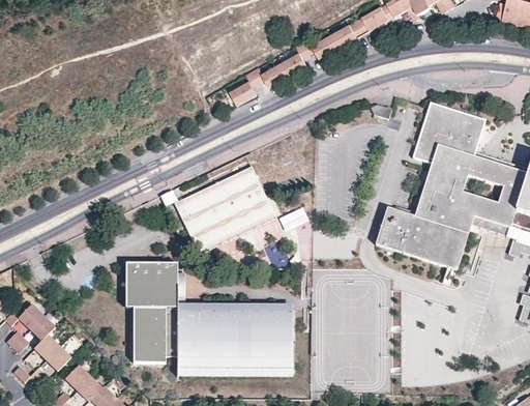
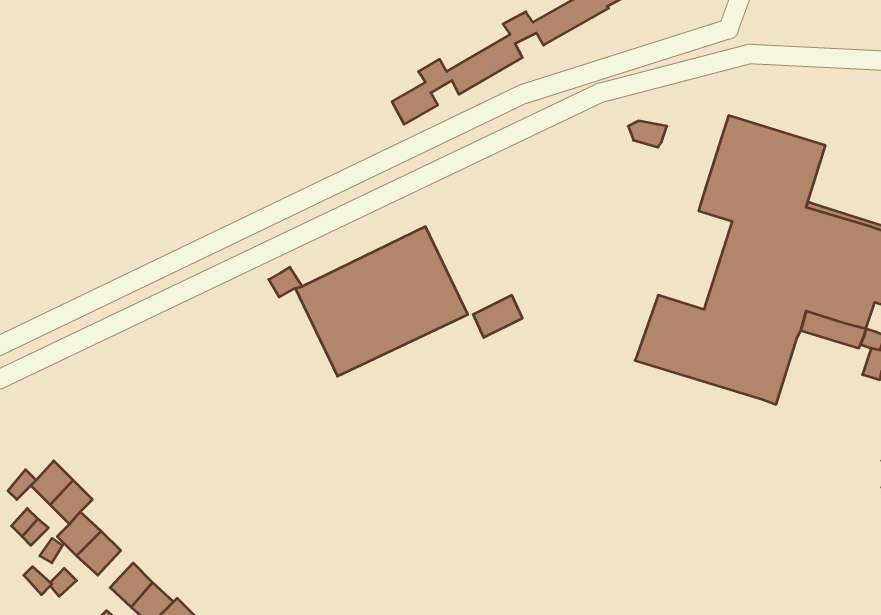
building: [125,261,292,375] -> none

